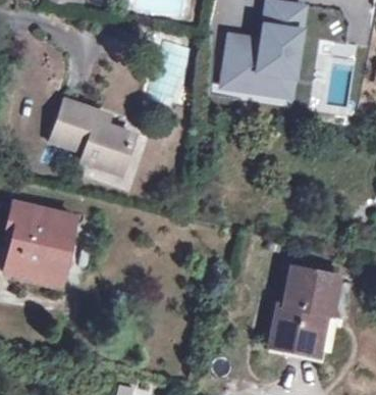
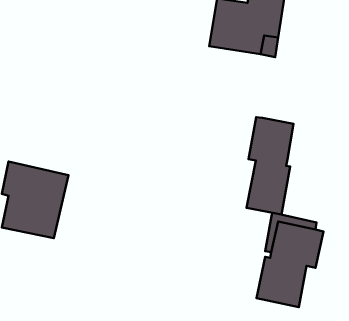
building: [53,101,135,175] -> none
building: none -> [246,117,294,214]

